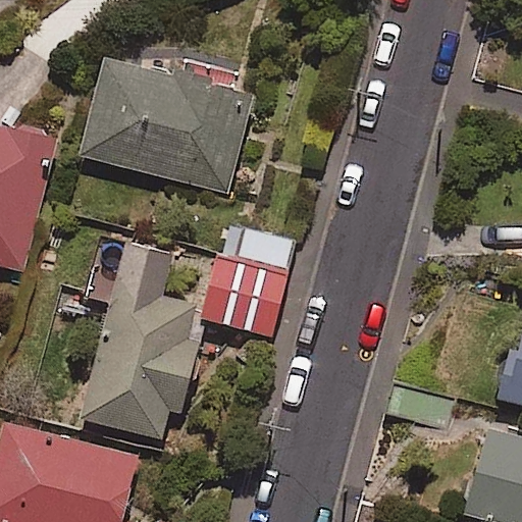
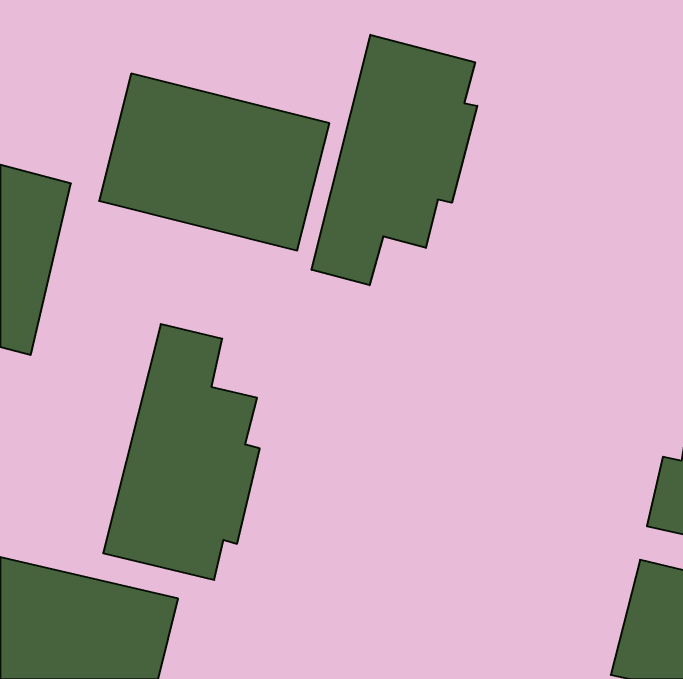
building: none -> [312,35,477,285]
building: [200,253,289,334] -> none

